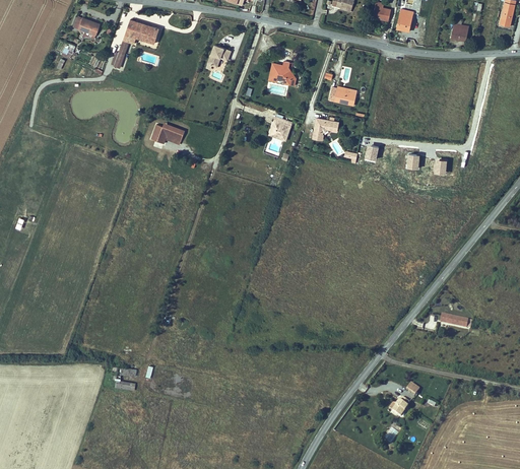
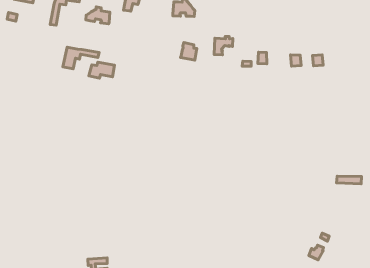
building: none -> [86,7,110,24]
building: [329,87,358,106] -> none
building: none -> [63,47,99,69]

